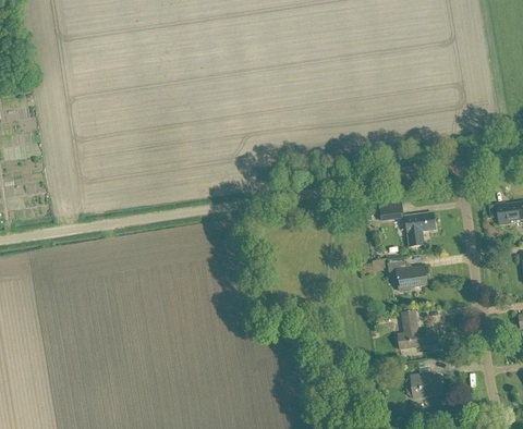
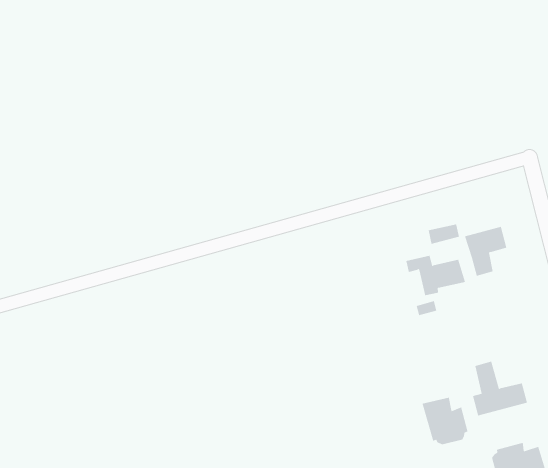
building: [387,261,429,291] -> [405,255,466,296]
building: none -> [422,397,468,445]

